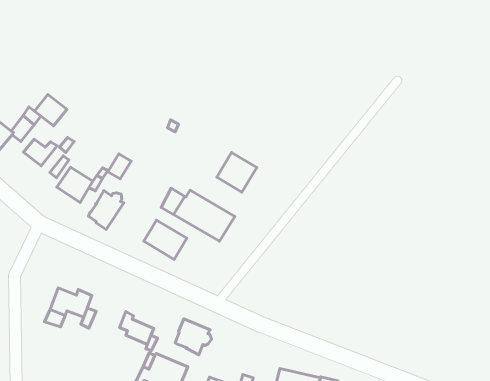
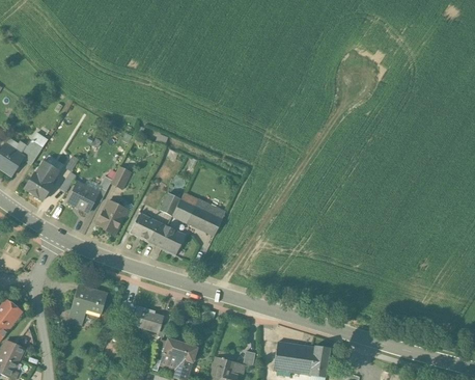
building: [35,95,67,126] -> [25,173,53,200]
building: [217,153,257,192] -> none
building: none -> [130,213,158,242]
building: [175,319,211,355] -> none

